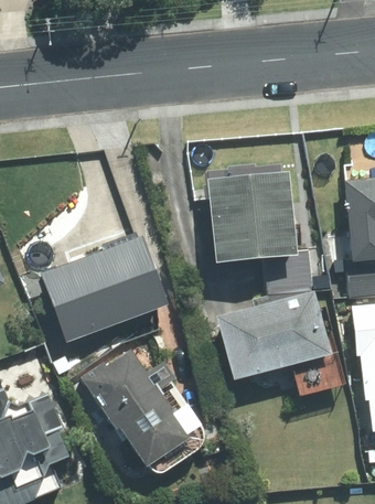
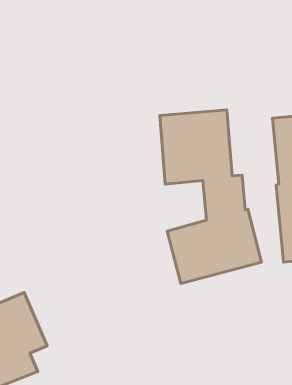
building: [44,236,168,341] -> none
building: [82,345,192,467] -> none

